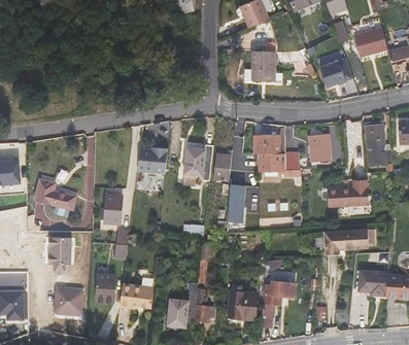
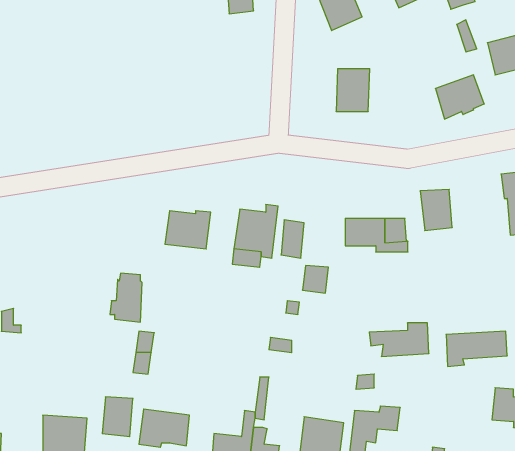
building: [253,135,279,153] -> none
building: [35,179,76,209] -> none
building: [328,183,368,206] -> [369,323,429,356]
building: [48,237,72,266] -> none

